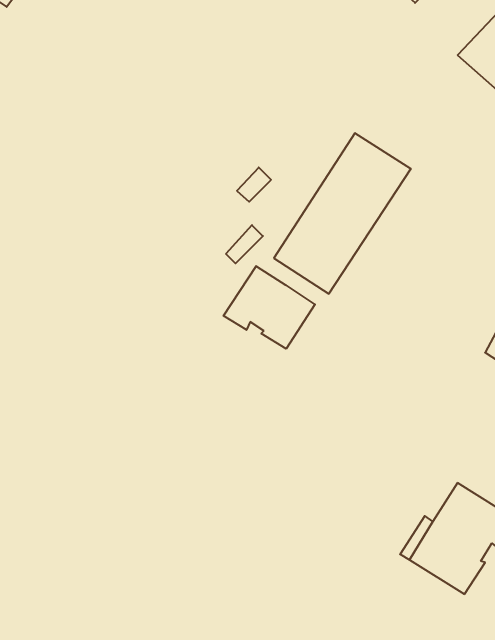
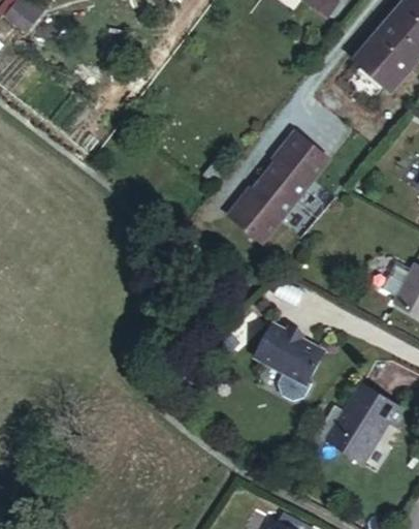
building: [224,266,315,349] -> none
building: none -> [252,319,325,399]

